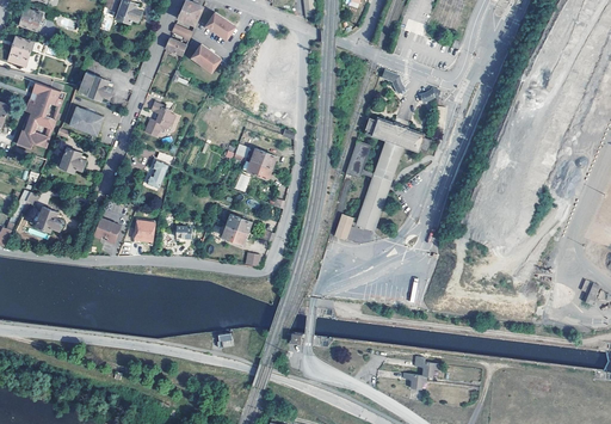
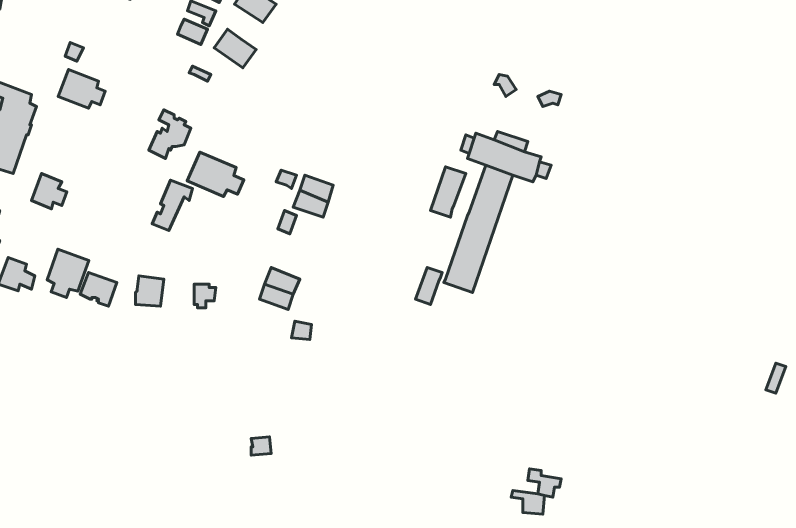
building: [68,106,104,136] -> none
building: none -> [187,152,244,196]
building: none -> [47,249,89,298]

